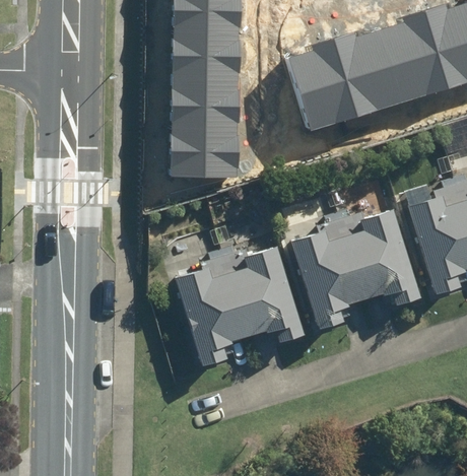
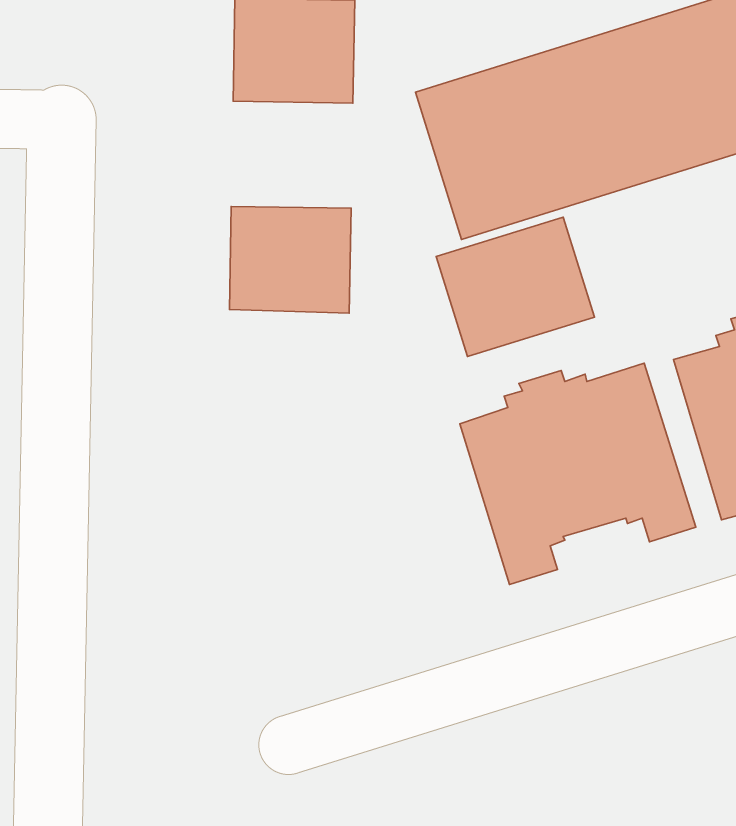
building: [168,63,235,122] -> none
building: none -> [436,217,595,357]
building: [177,246,307,366] -> none

